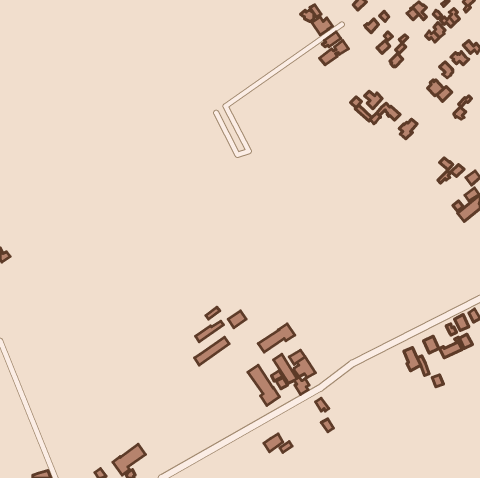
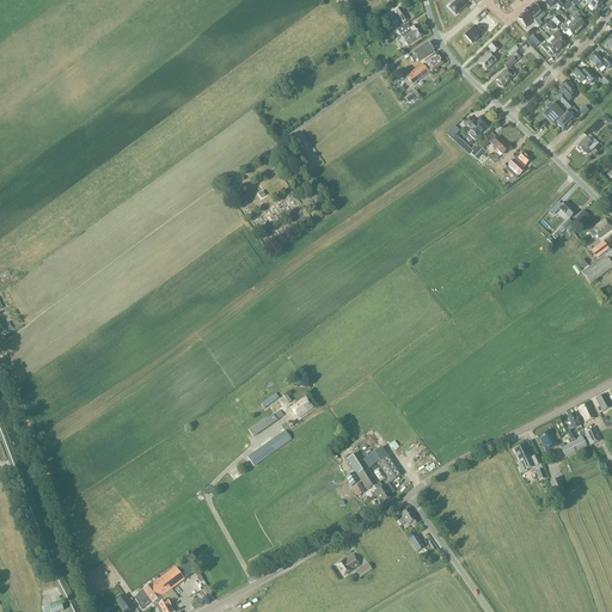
building: [258,324,295,352] -> none
building: [248,365,280,406] -> none

